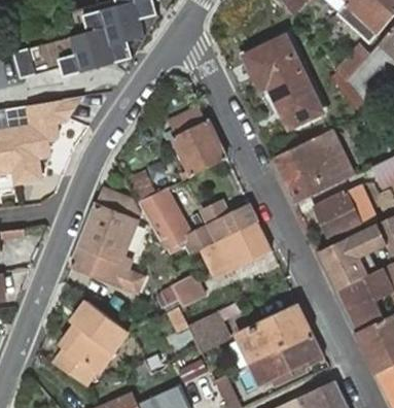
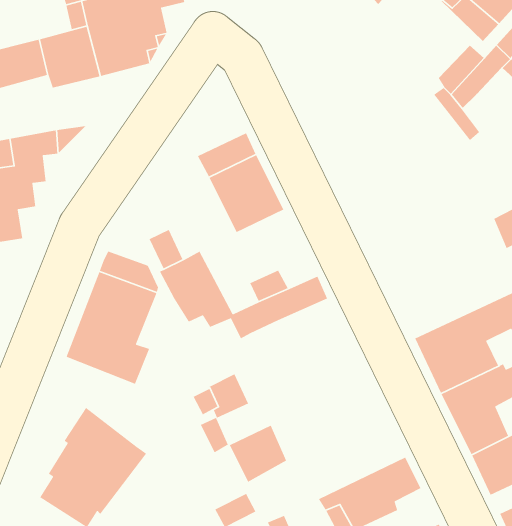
building: [249,42,319,124] -> none
building: [273,129,353,204] -> none
building: [313,181,378,238] -> none
building: [203,223,272,277] -> none
building: [237,306,312,364] -> none

